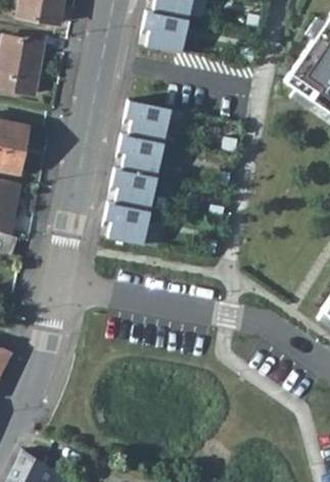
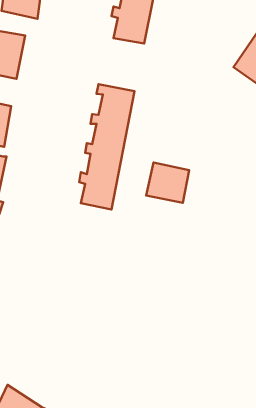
building: none -> [146,163,189,203]

